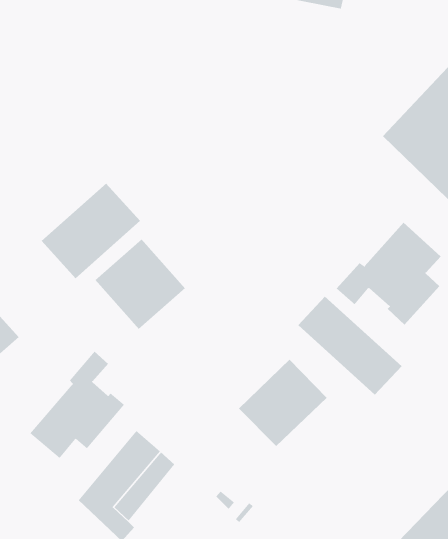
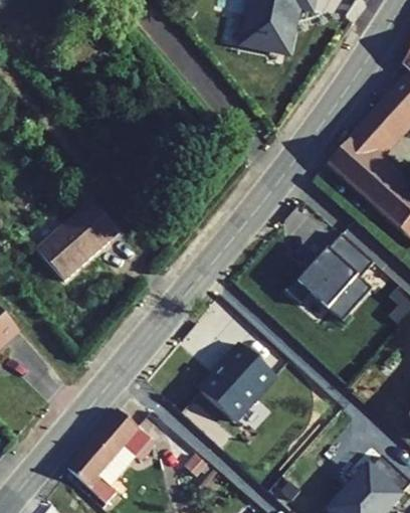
building: [94,239,186,330] -> none
building: [297,296,402,396] -> none
building: [30,351,125,459] -> none

